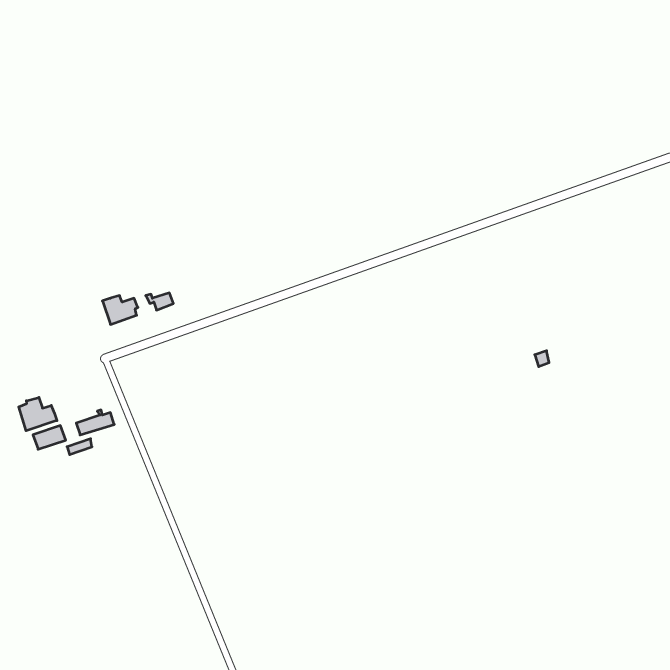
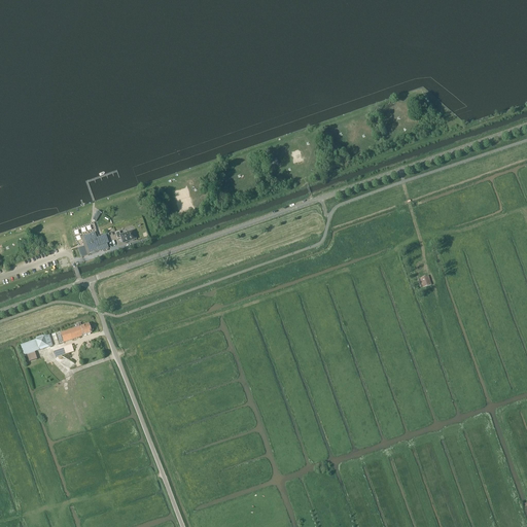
building: [19,397,57,431] -> none

